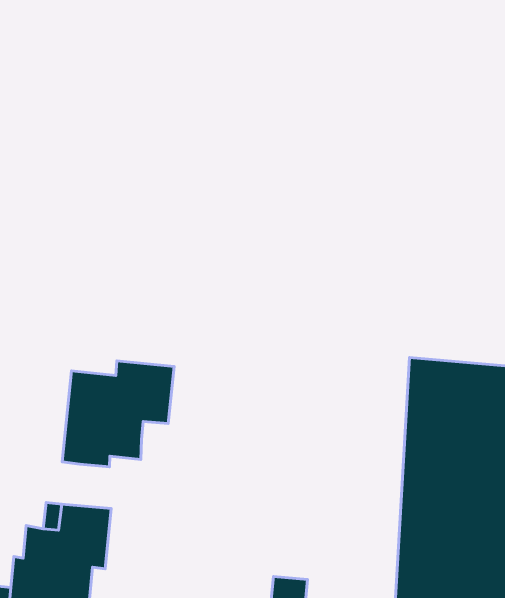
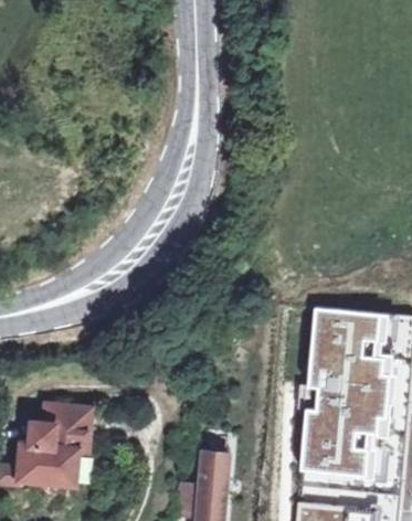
building: [62,361,174,467] -> none

